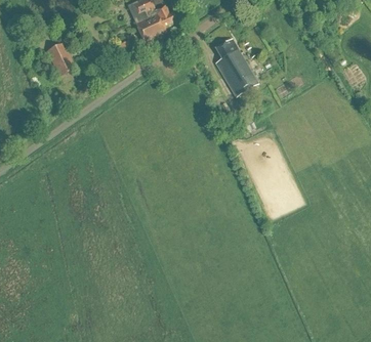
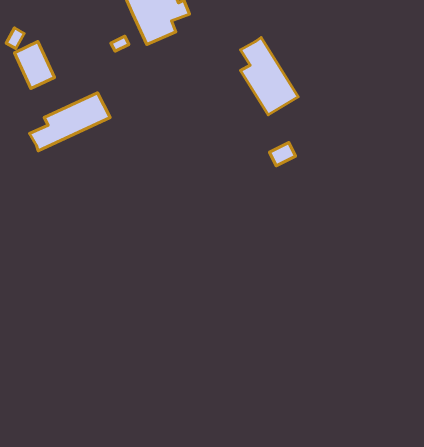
building: none -> [30,93,110,151]

